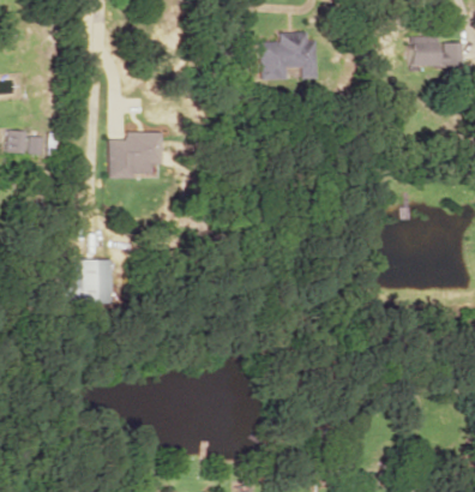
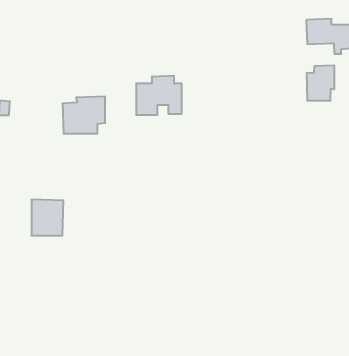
building: [261,32,318,80] -> [136,76,182,115]
building: none -> [307,65,334,101]

